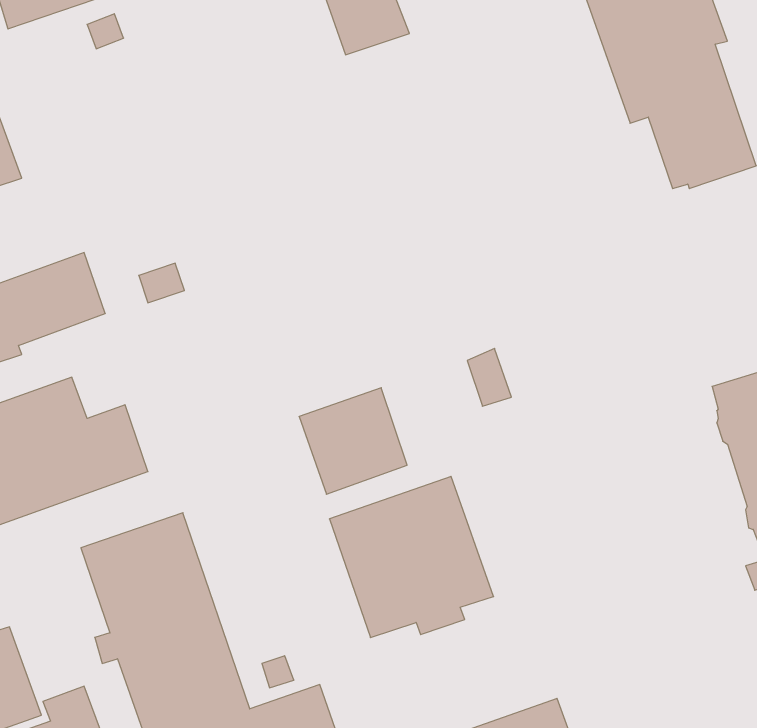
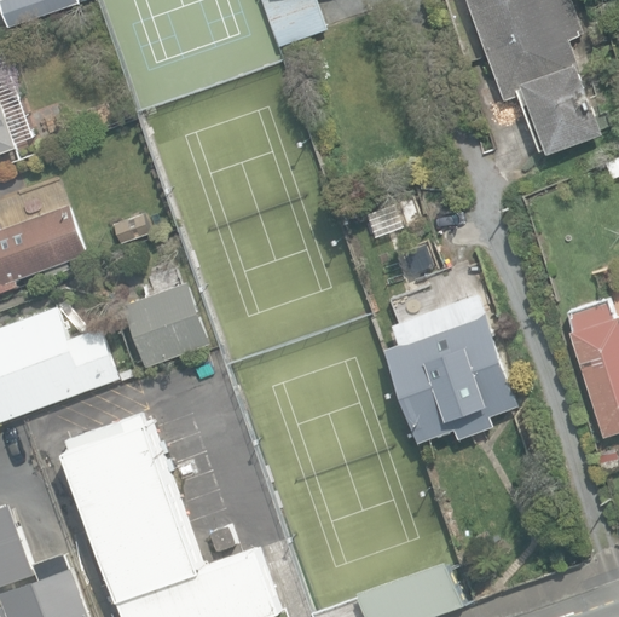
building: [299,388,407,494] -> [123,282,209,367]
building: [329,476,494,638] -> [386,313,516,442]

